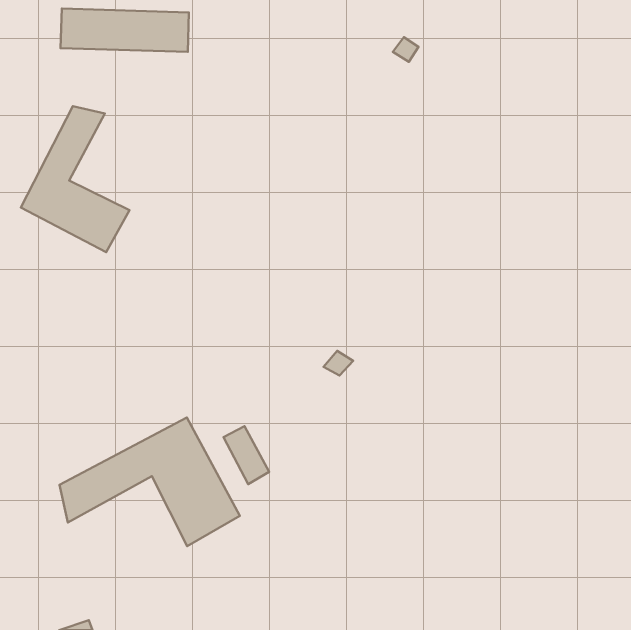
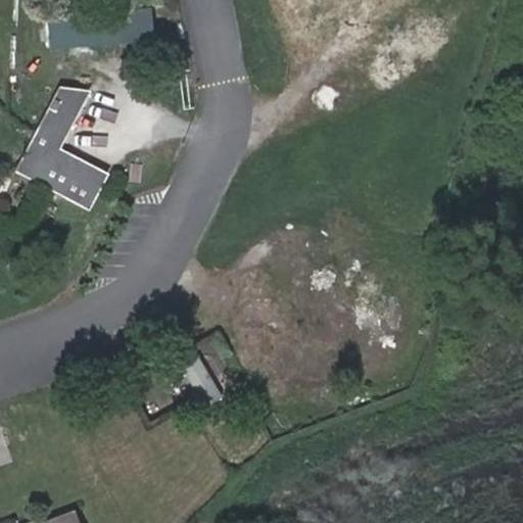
building: [60,417,240,546] -> none

